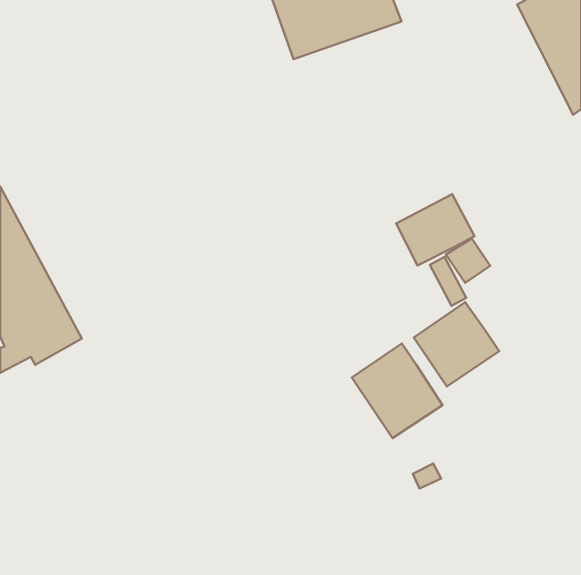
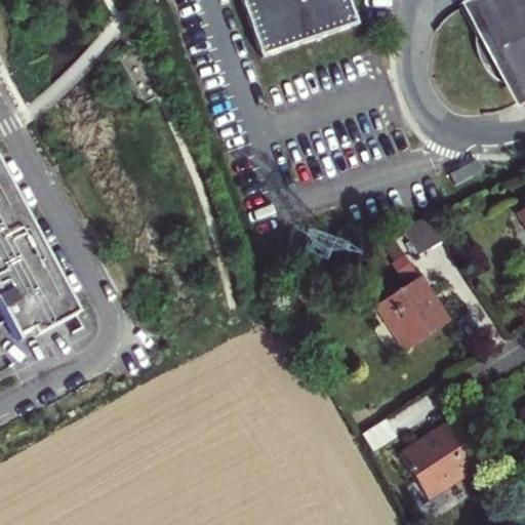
building: [396,194,475,266] -> none
building: [352,344,443,438] -> none
building: none -> [398,416,482,498]

